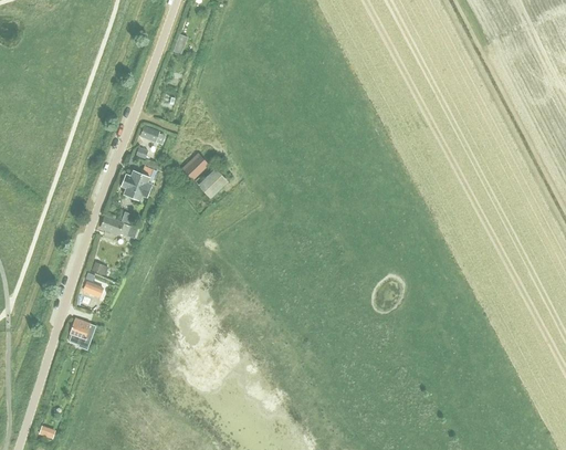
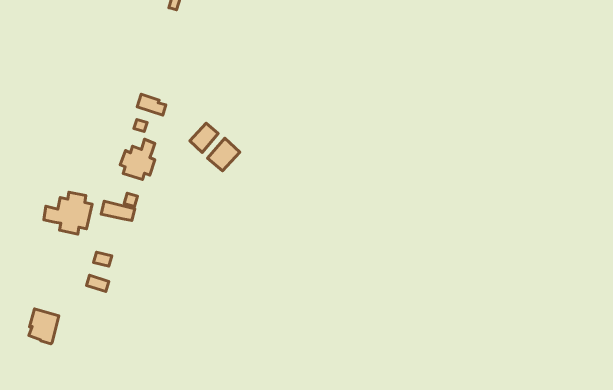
building: none -> [44,192,92,234]
building: [67,317,95,349] -> [29,309,59,344]

